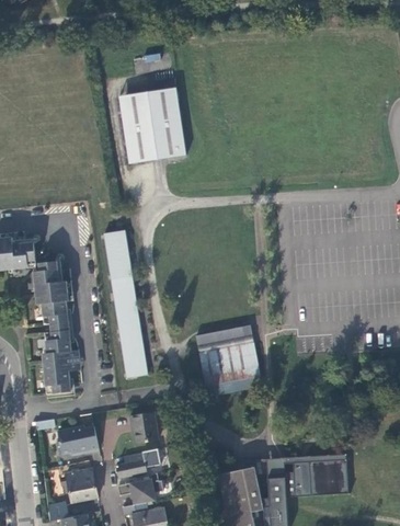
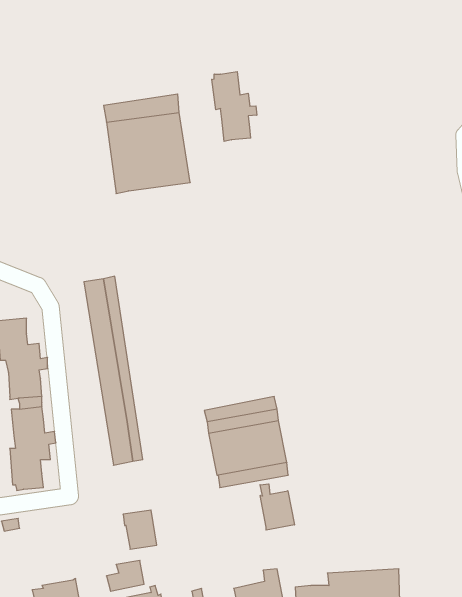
building: none -> [212,72,257,141]
building: none -> [260,484,294,530]
building: [58,424,101,455] -> none

